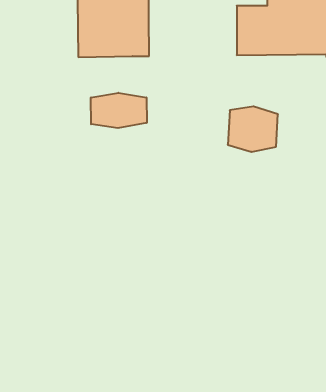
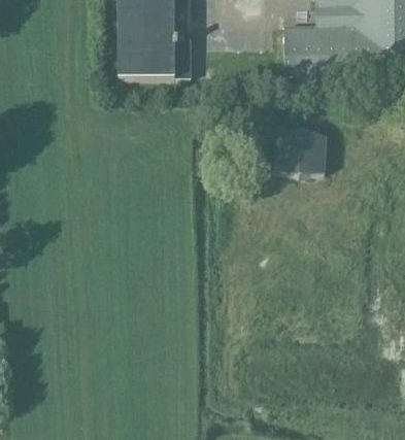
building: [91,93,147,128] -> none

